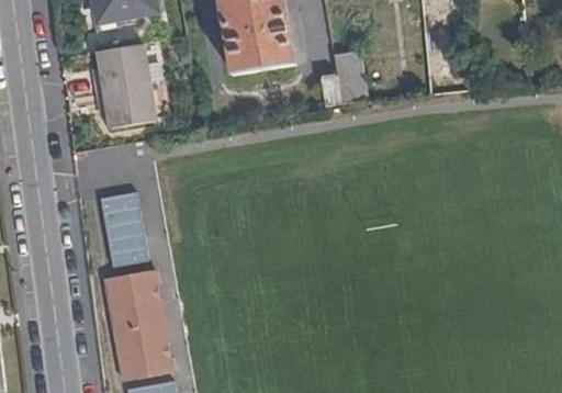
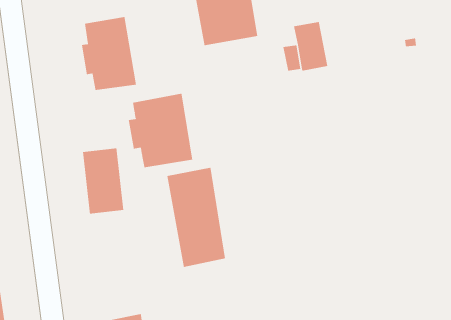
building: none -> [128,93,193,168]
building: [104,267,171,380] -> [166,167,226,267]

